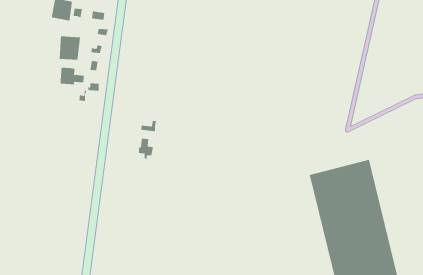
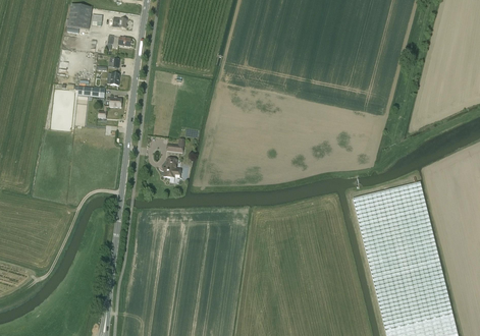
building: [59,36,81,61] -> none

